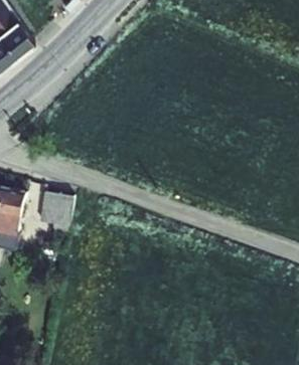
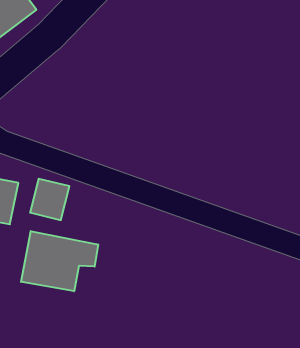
building: none -> [21,231,98,291]

